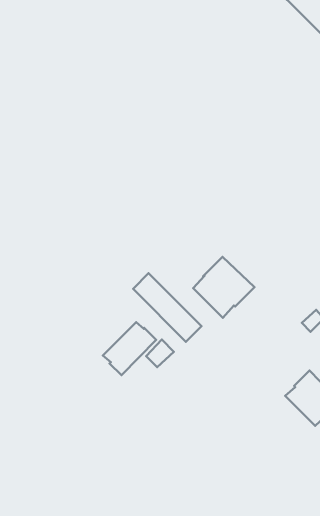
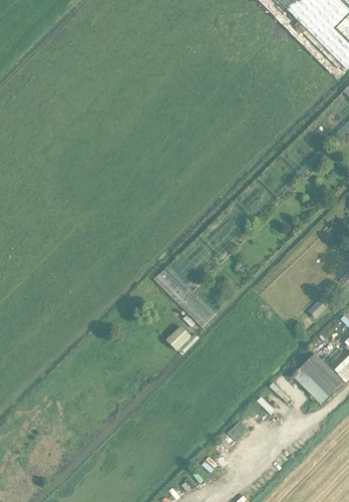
building: [193,257,254,318] -> none
building: [103,322,156,375] -> none

